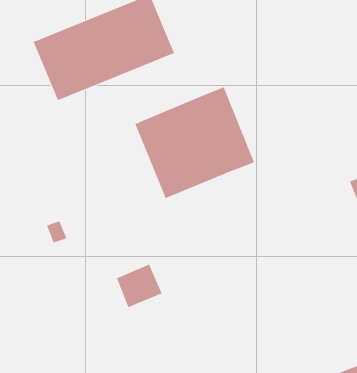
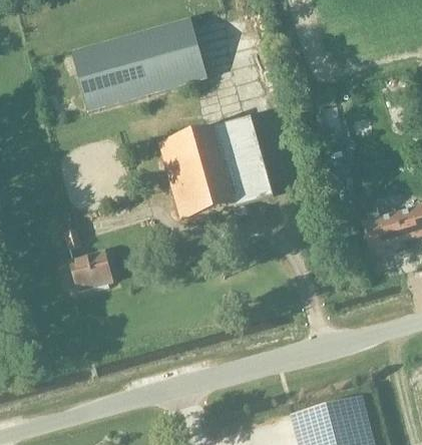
building: [116,264,162,308] -> [68,251,111,291]

